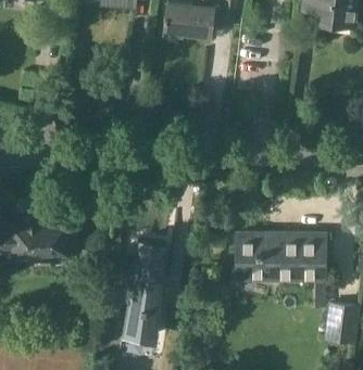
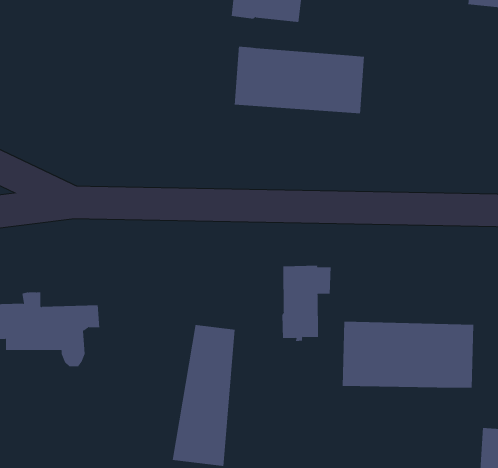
building: none -> [234,46,365,114]
building: none -> [282,265,331,342]

